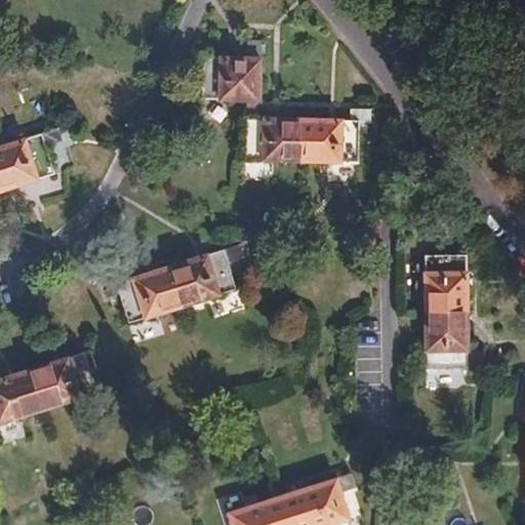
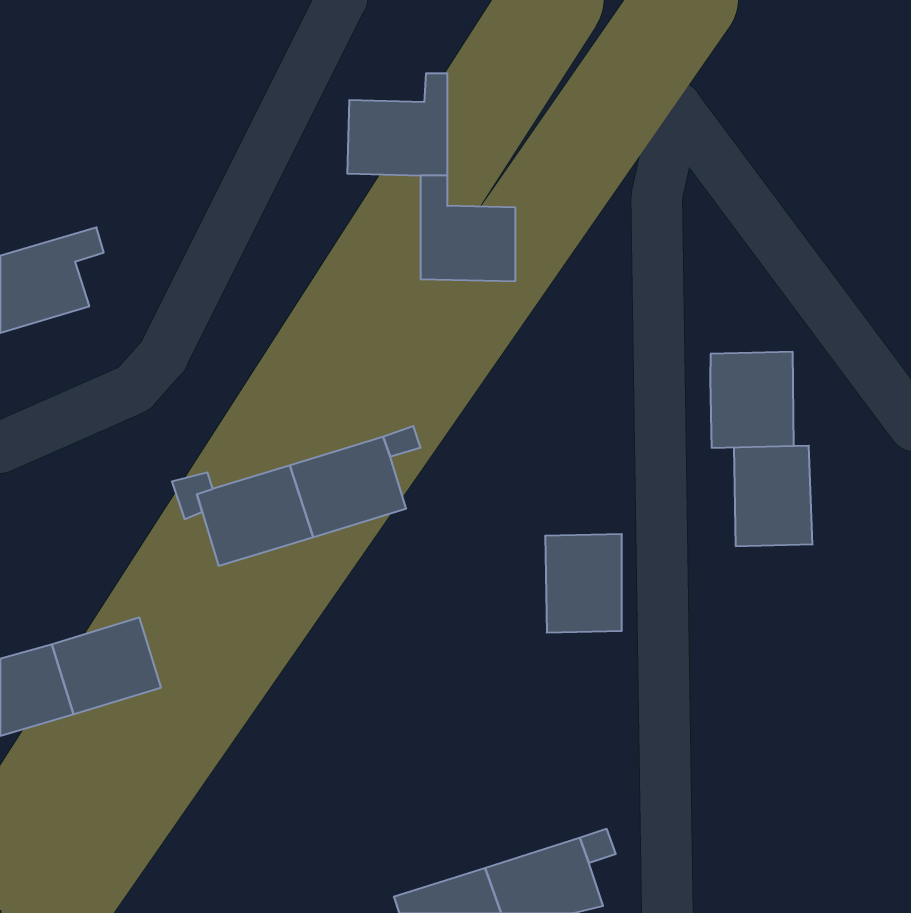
building: [297,111,368,162] -> none
building: none -> [711,352,794,448]
building: [423,312,468,368] -> [545,534,622,633]

